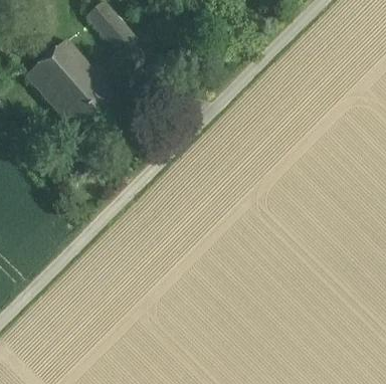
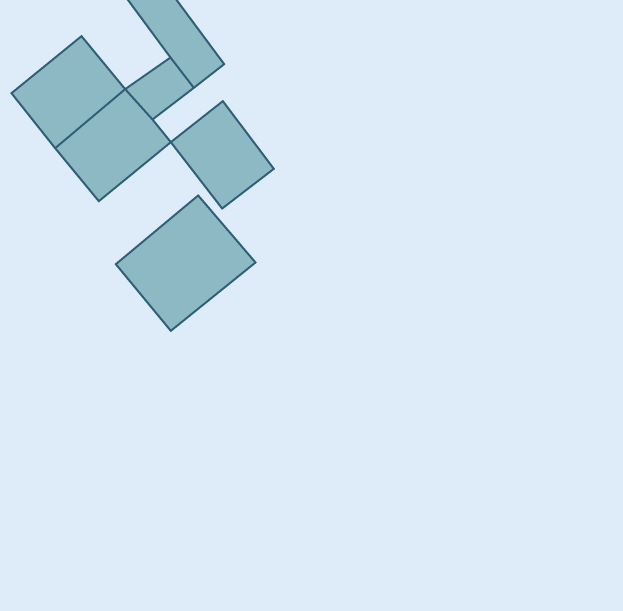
building: none -> [171,101,274,208]
building: none -> [116,195,256,331]

